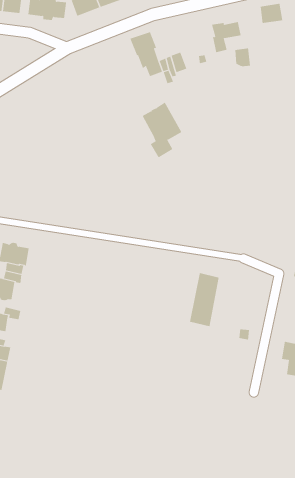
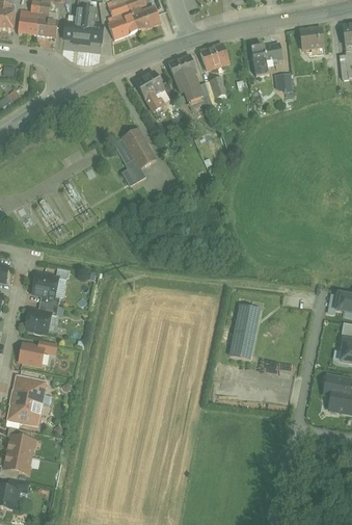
building: none -> [199,43,228,70]
building: none -> [134,71,163,106]
building: [142,102,182,158] -> [113,128,155,186]

